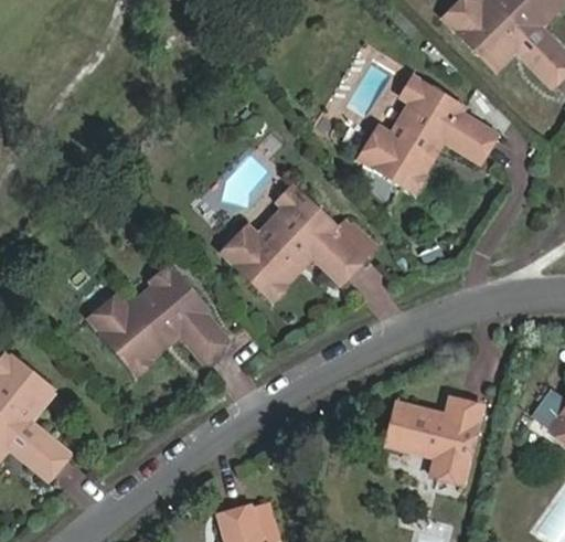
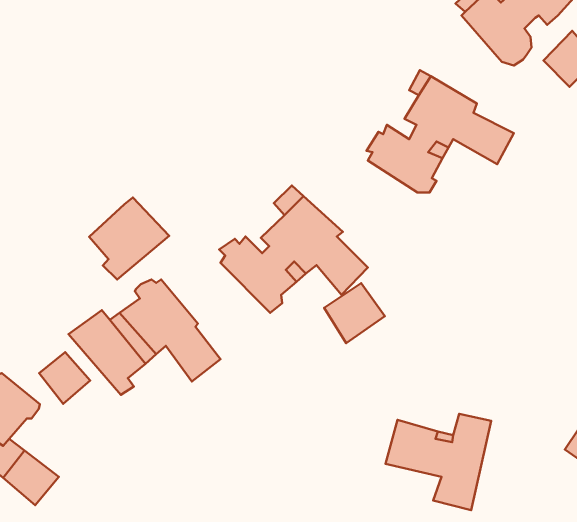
building: [509,24,553,66] -> none
building: none -> [89,197,169,280]
building: none -> [324,283,385,343]
building: none -> [39,352,90,404]

